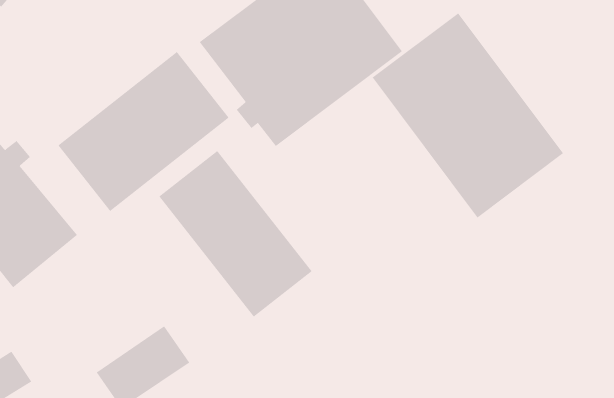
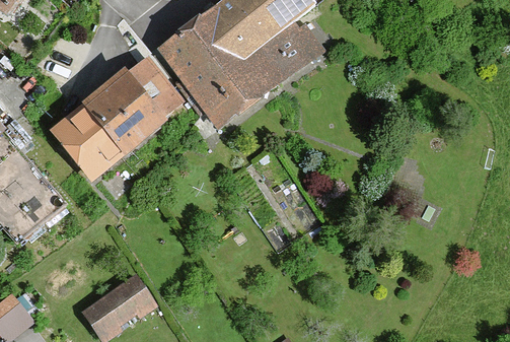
building: [372,12,564,218] -> none
building: [159,150,313,318] -> none

